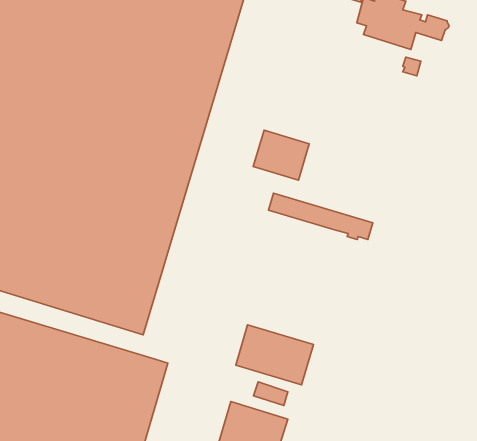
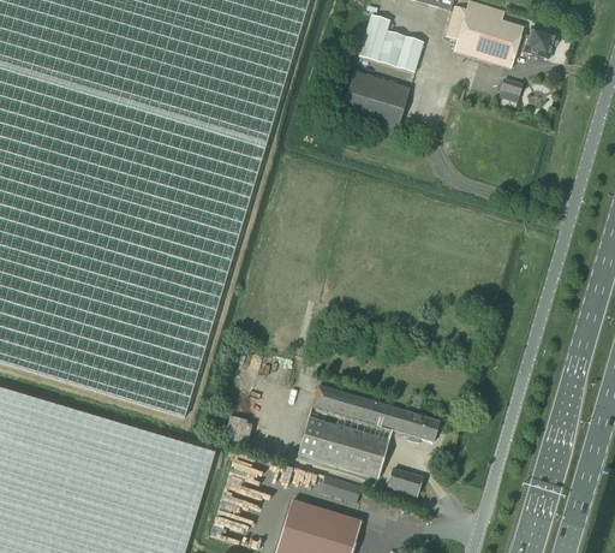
building: none -> [358,14,423,72]
building: [253,130,309,180] -> [341,71,410,132]
building: [269,193,373,240] -> [311,385,438,441]
building: none -> [387,468,423,496]

